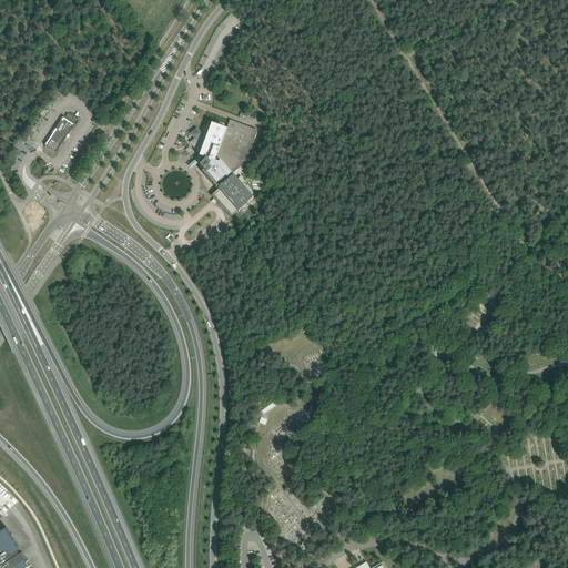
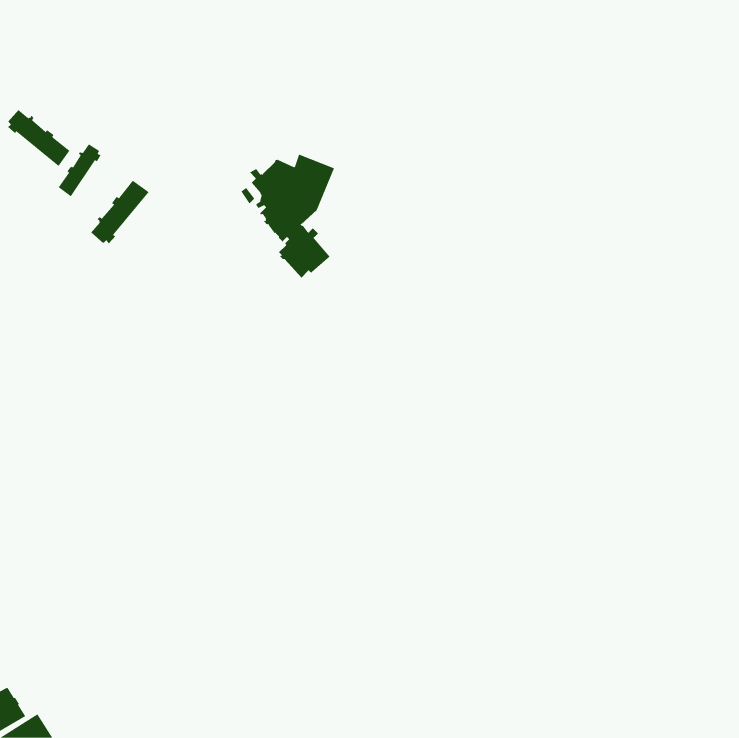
building: none -> [7,109,70,167]
building: none -> [91,180,150,244]

